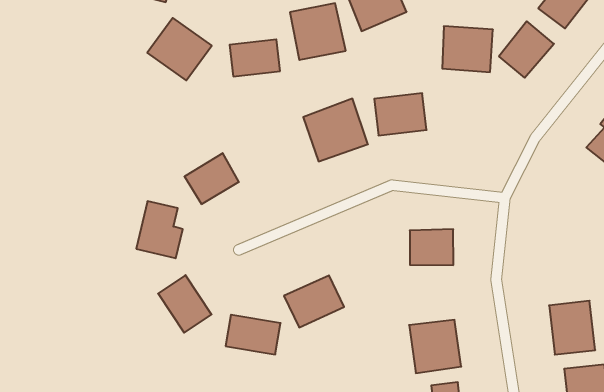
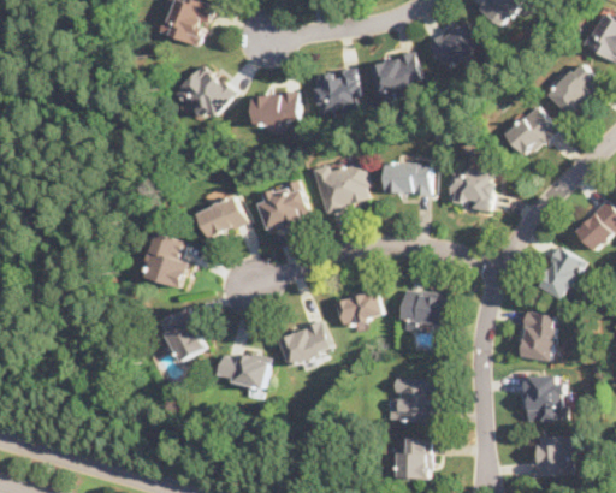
building: [442,26,493,72] -> [445,164,497,212]
building: none -> [256,184,309,233]
building: none -> [534,245,584,299]
building: none -> [334,289,384,327]
building: none -> [517,309,557,361]

